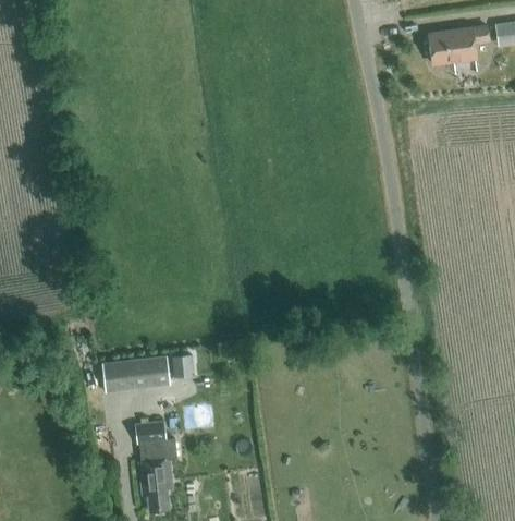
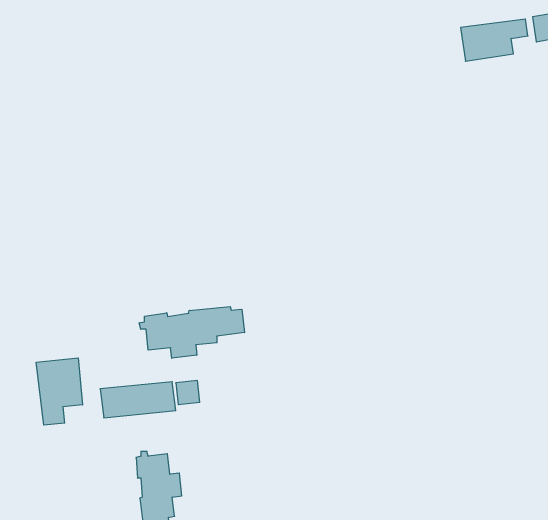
building: none -> [139,307,244,358]
building: none -> [36,358,82,425]

